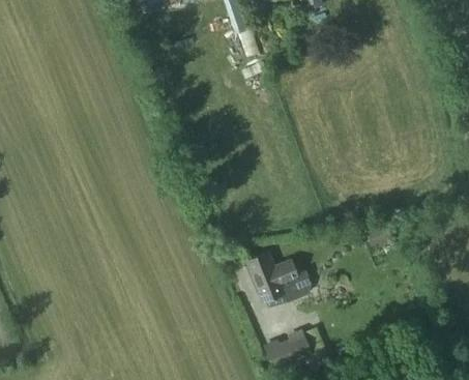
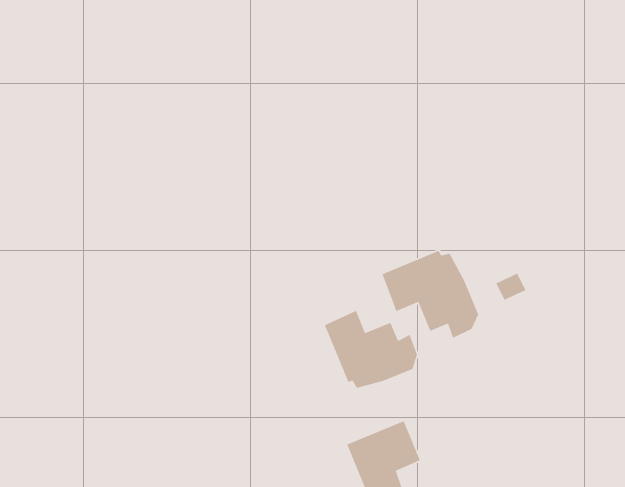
building: none -> [381,250,479,339]

